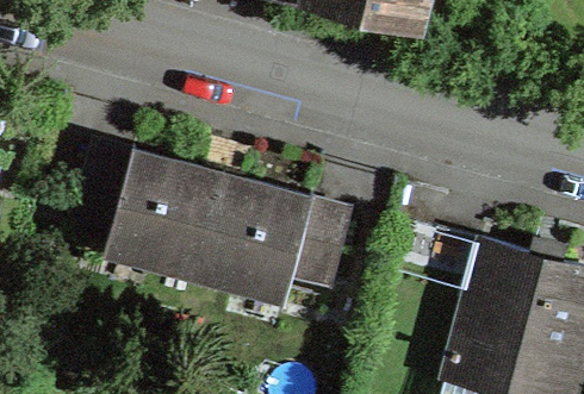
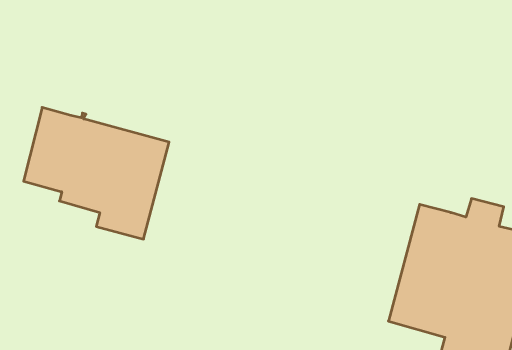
building: [198,179,354,293] -> none

